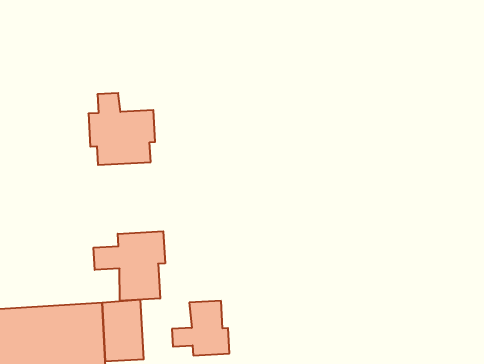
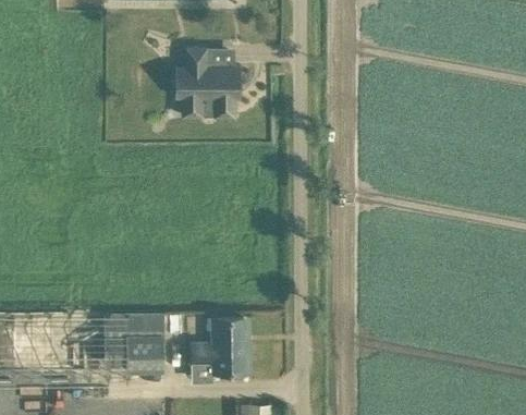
building: [88,93,155,165] -> [176,47,241,117]
building: [94,231,165,301] -> none

